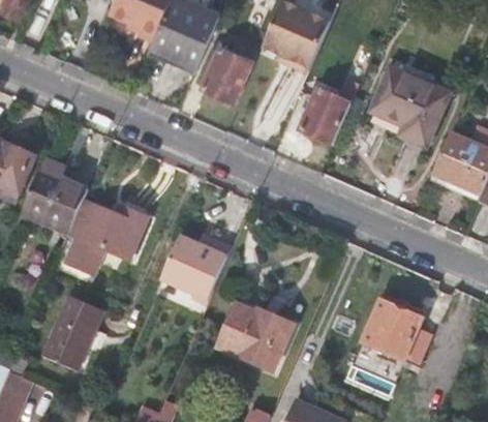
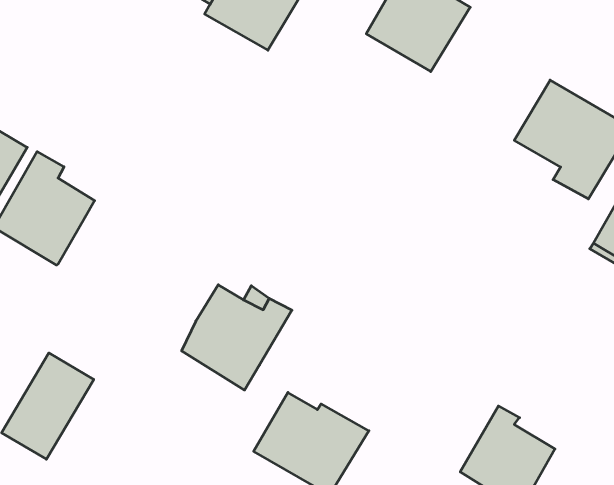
building: [201,46,250,101] -> none
building: [299,78,358,144] -> none
building: [64,200,148,275] -> none

